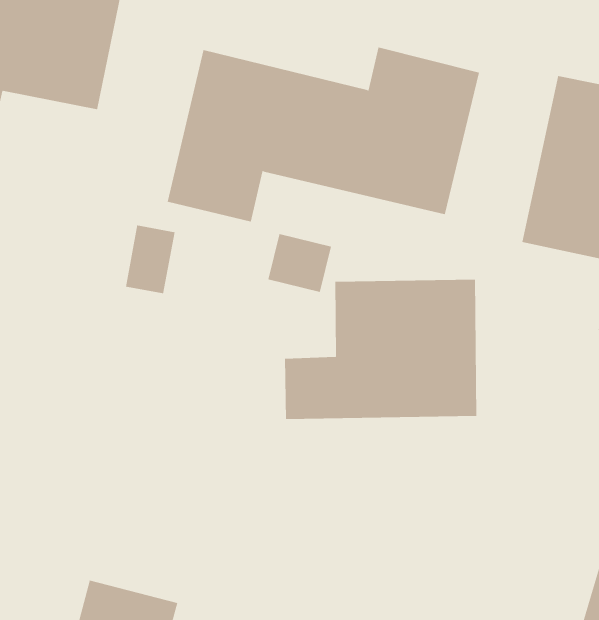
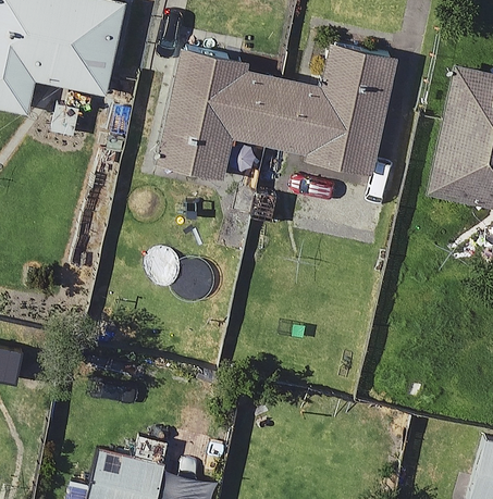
building: [284,279,477,420] -> none

